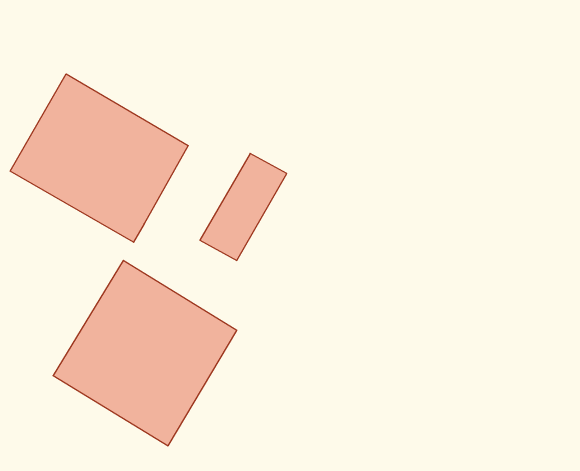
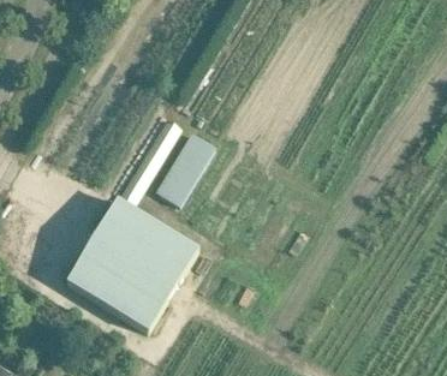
building: [10,74,188,242] -> none

